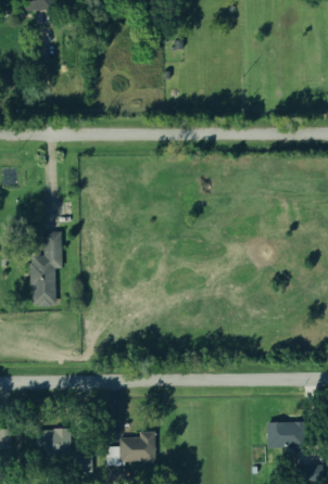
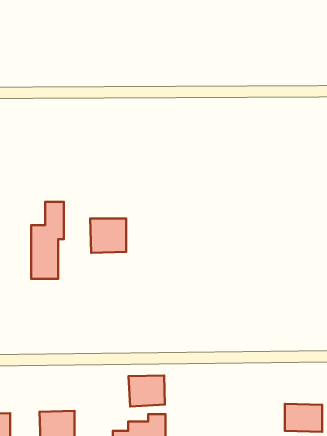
building: none -> [90,218,126,253]
building: none -> [128,375,165,407]

